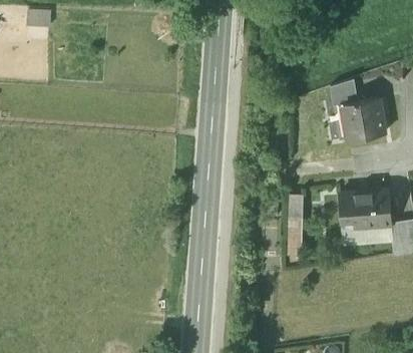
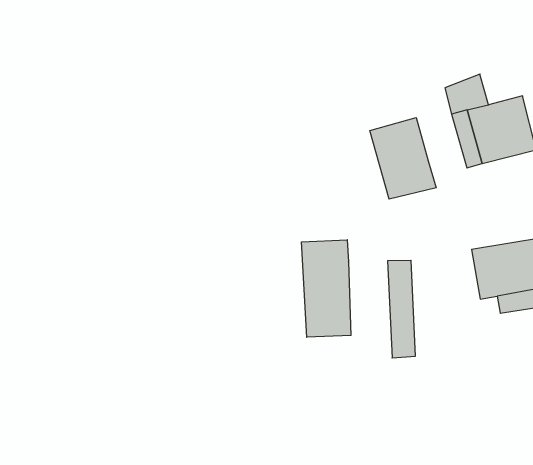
building: none -> [370,118,436,199]
building: none -> [302,240,351,337]

